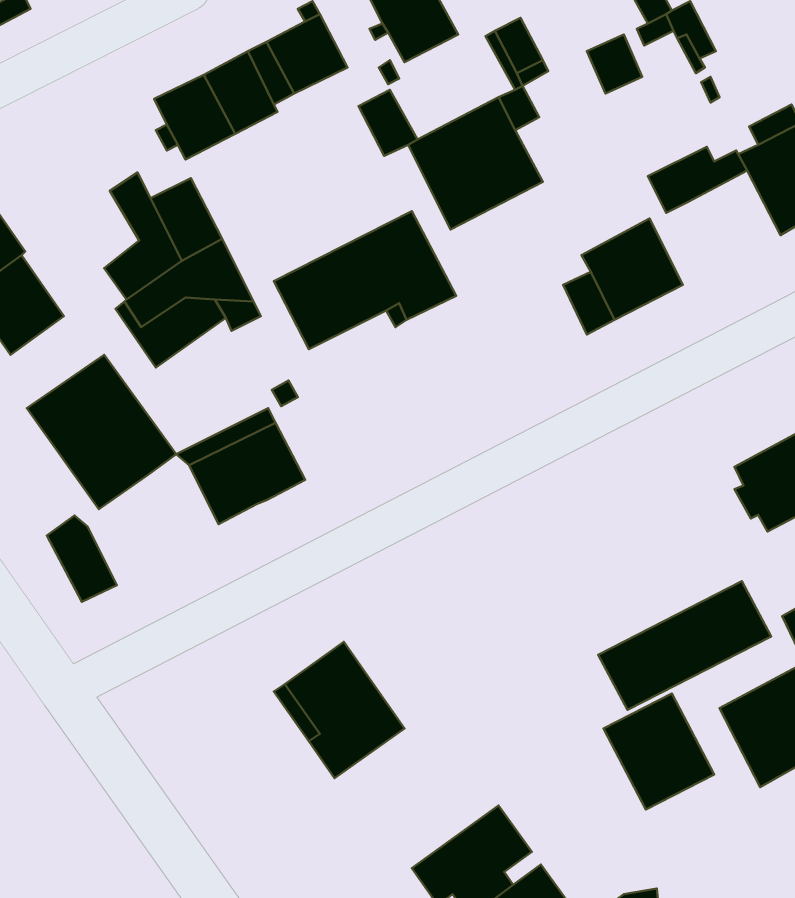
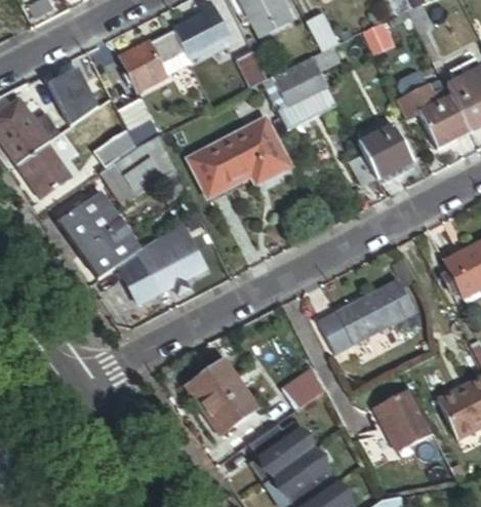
building: none -> [48,67,98,125]
building: none -> [418,95,470,148]
building: [47,515,117,602] -> [118,254,157,302]
building: [598,581,771,710] -> [317,280,413,352]
building: none -> [283,371,326,411]
building: none -> [248,420,313,484]

